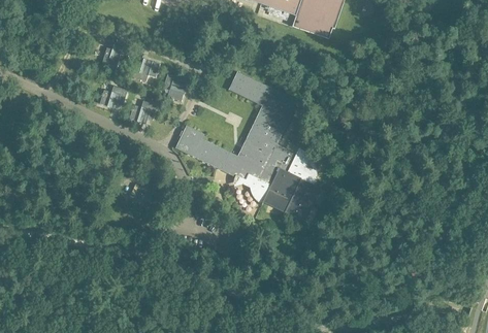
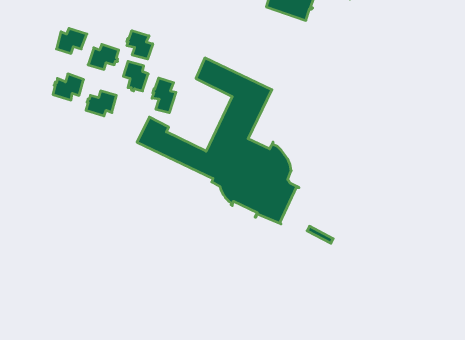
building: none -> [127,31,153,59]
building: none -> [152,78,176,113]

